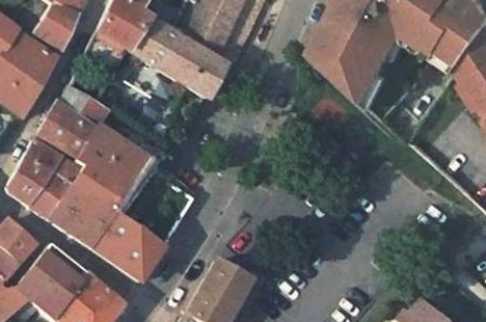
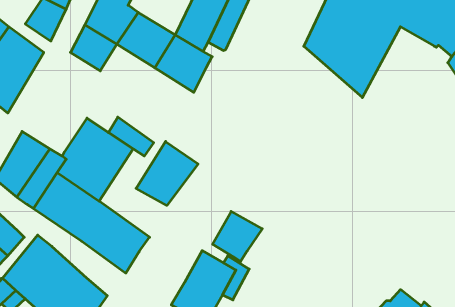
building: [39,85,110,160] -> none
building: none -> [136,141,198,205]
building: none -> [213,211,262,262]

